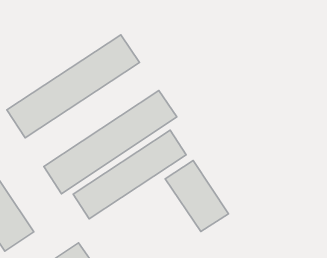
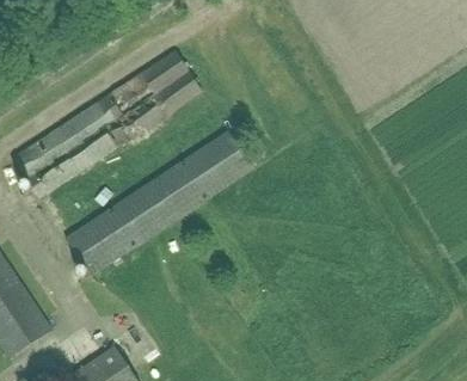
building: [73,130,186,219] -> none
building: [165,160,228,232] -> none

